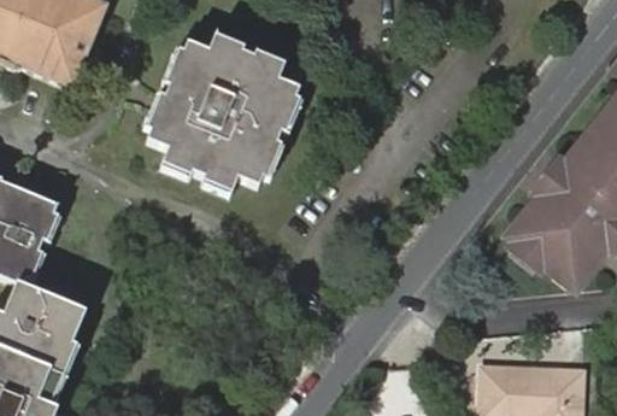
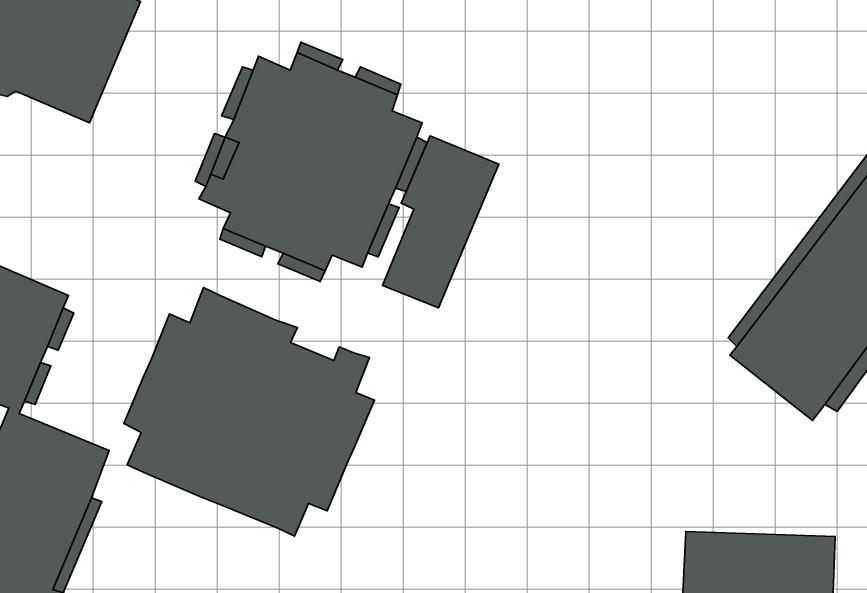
building: none -> [383,136,499,308]
building: none -> [124,288,374,536]

